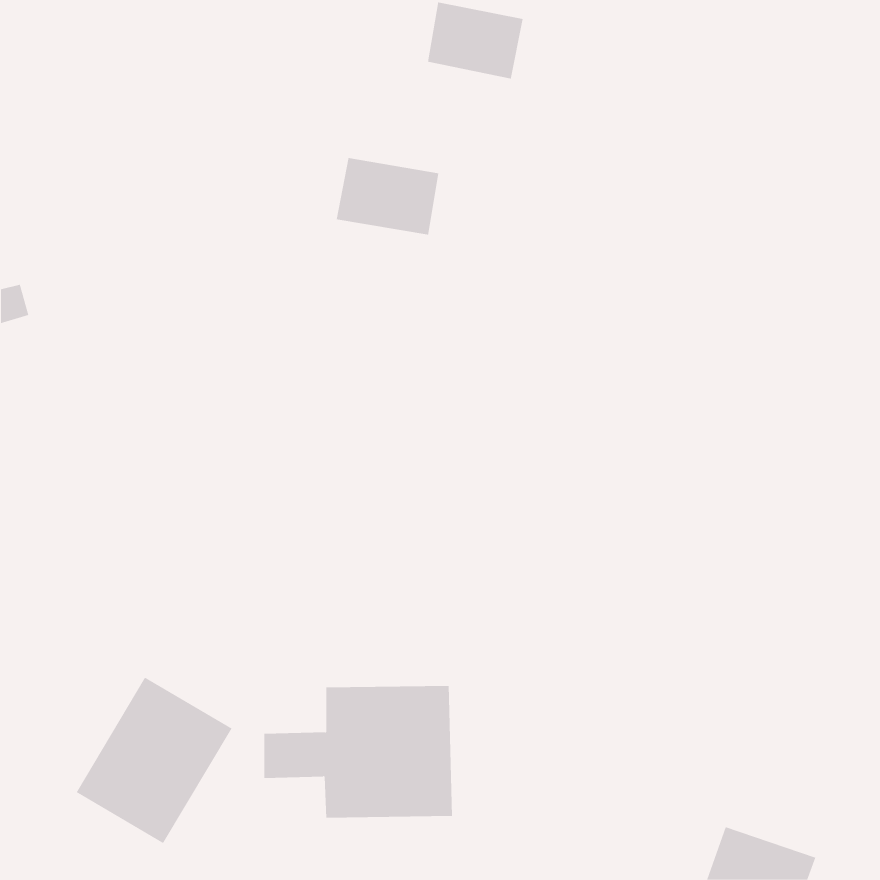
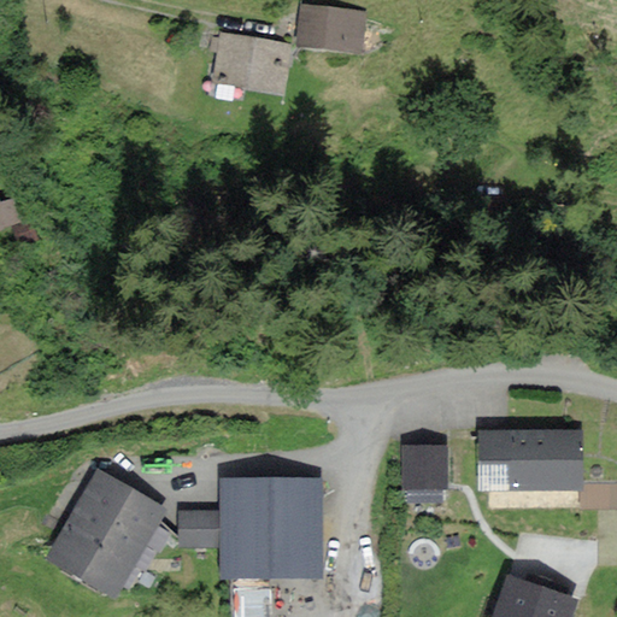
building: [336,158,439,235] -> [217,35,289,89]
building: none -> [484,433,578,486]
building: none -> [406,446,443,486]

